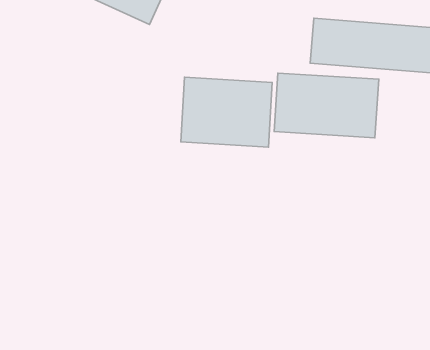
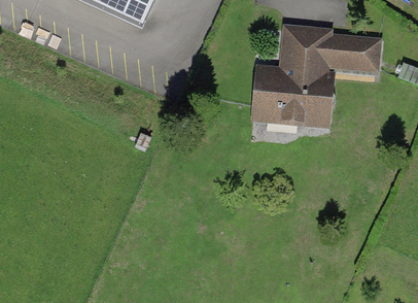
building: [181,77,272,147] -> none

